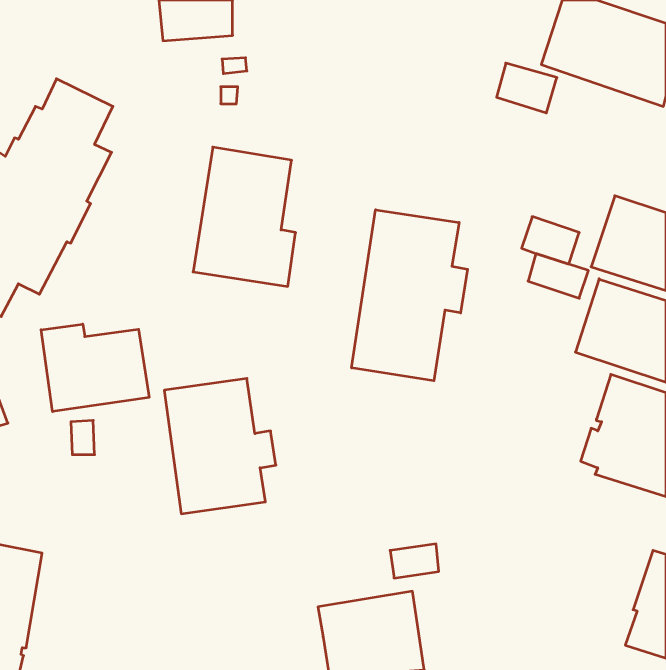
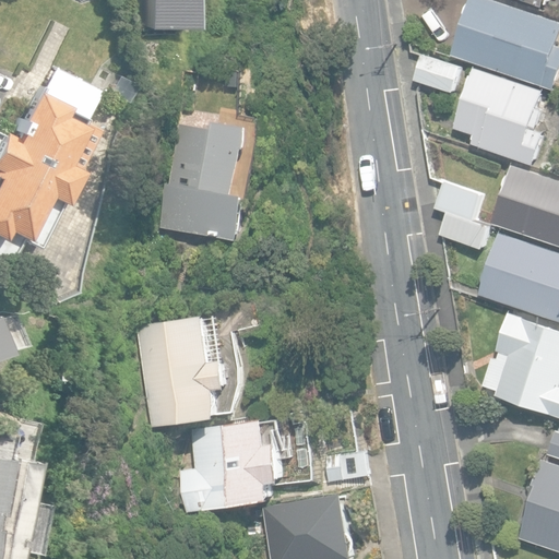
building: none -> [454,69,544,165]
building: [352,210,468,381] -> none
building: [41,324,149,412] -> none
building: none -> [181,417,286,512]

